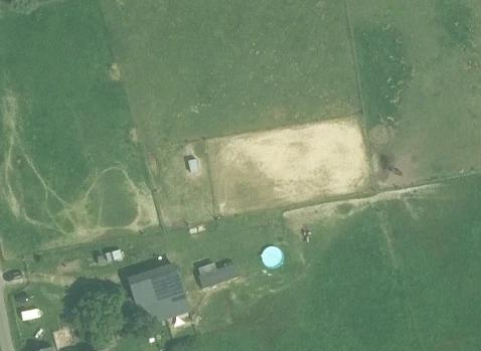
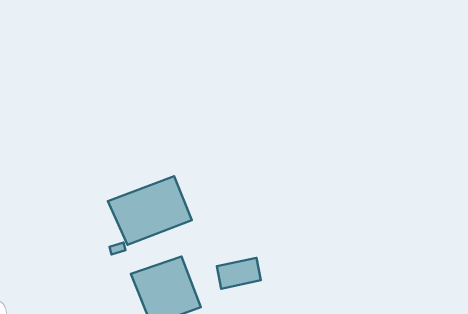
building: none -> [108,176,192,245]

